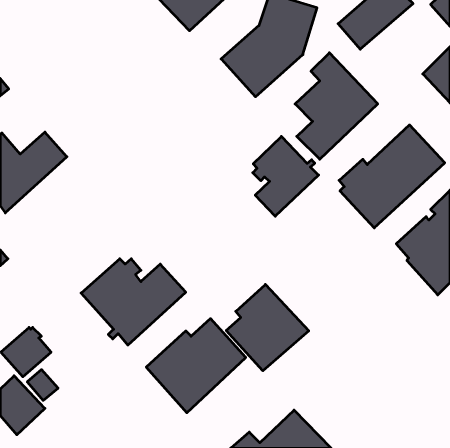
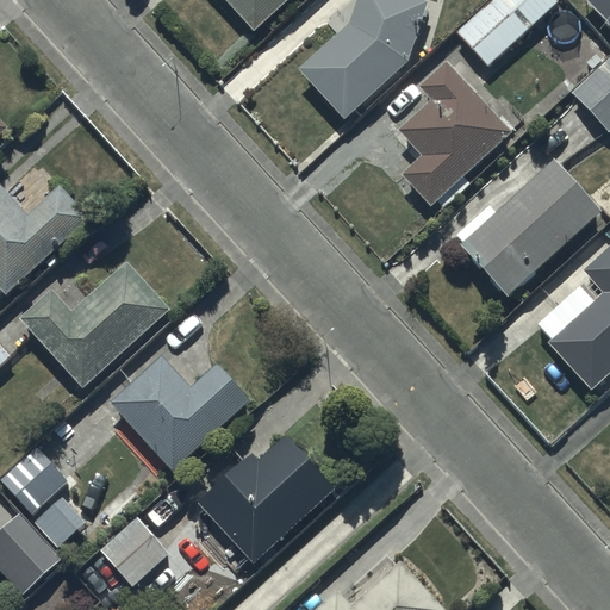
building: [253,136,319,216] -> none
building: none -> [19,256,169,382]
building: [226,284,309,371] -> none
building: none -> [105,517,169,580]

